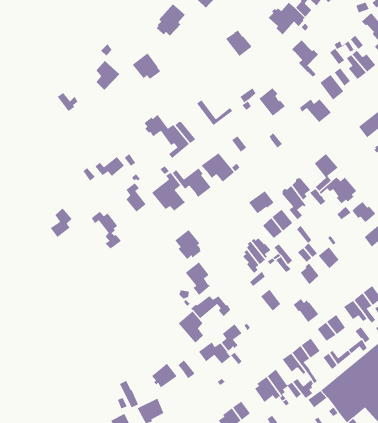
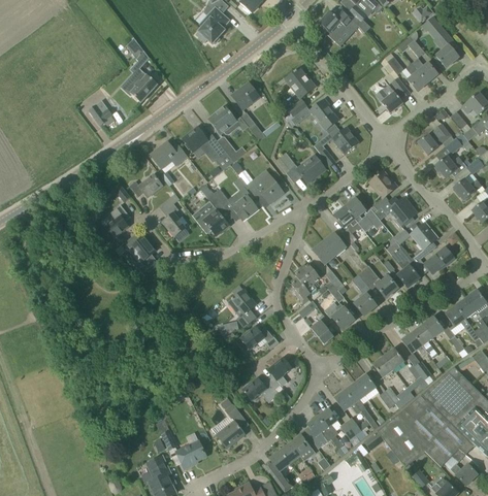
building: [225,29,252,57] -> [285,68,315,98]
building: [291,40,319,78] -> none
building: [132,52,161,79] -> [207,105,239,134]
building: none -> [231,82,259,110]
building: [299,98,332,123] -> [323,127,359,154]
building: none -> [151,141,187,167]
building: [248,190,275,216] -> [296,156,325,184]
building: [50,208,72,238] -> [105,204,130,237]
building: none -> [395,245,419,288]
building: [174,229,202,260] -> none
building: [293,298,319,323] -> [325,302,354,329]
building: [178,311,204,344] -> none
building: [151,363,178,388] -> [216,420,245,448]
building: none -> [290,431,315,460]

